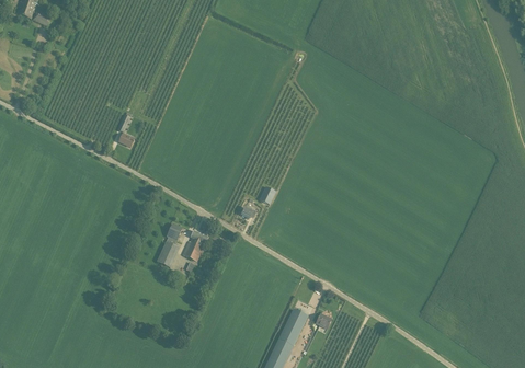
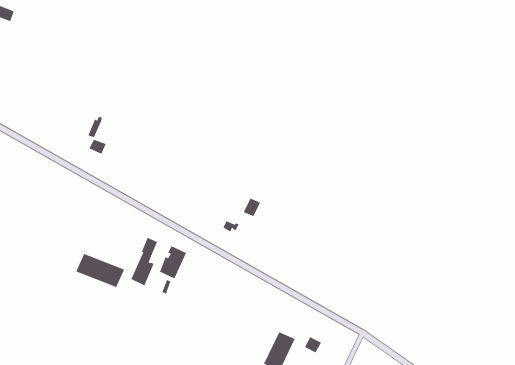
building: none -> [76,253,125,288]

